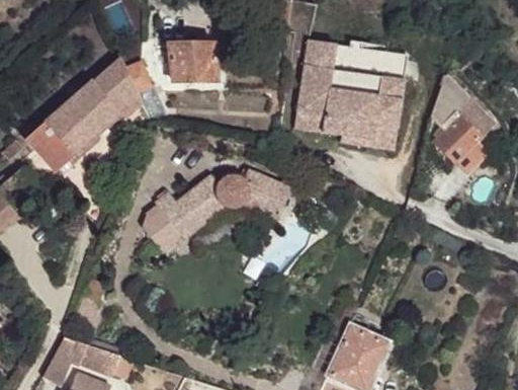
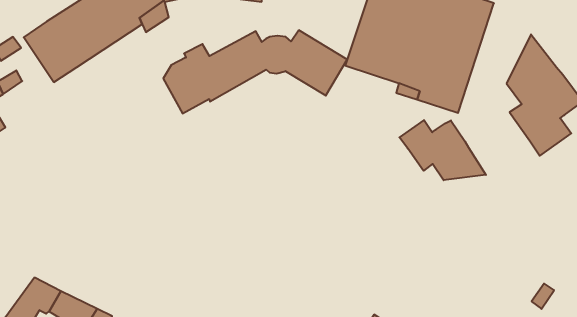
building: none -> [399,120,486,180]
building: [142,168,291,251] -> [163,30,347,113]

